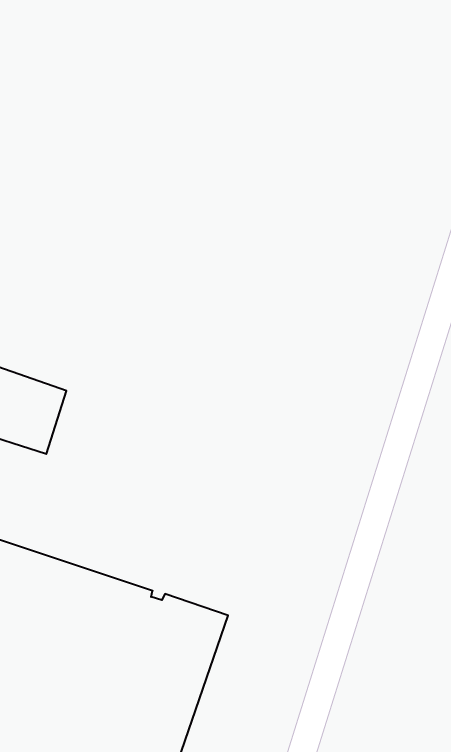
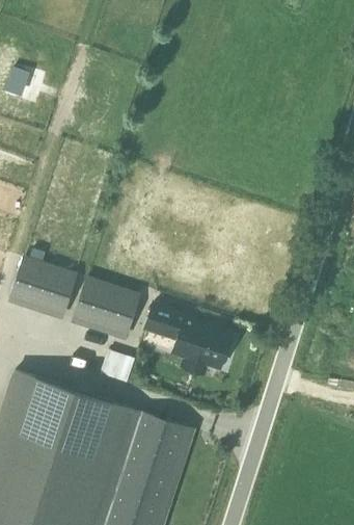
building: none -> [75,279,140,339]
building: none -> [146,304,233,368]

